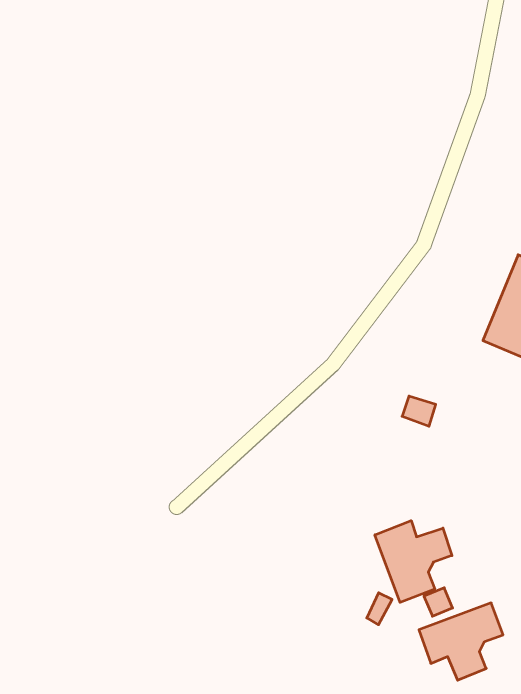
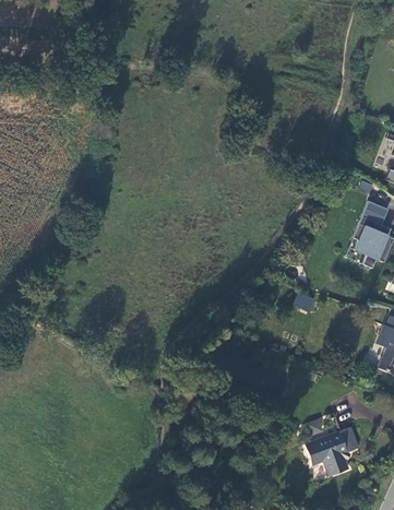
building: [375,521,452,602] -> none

